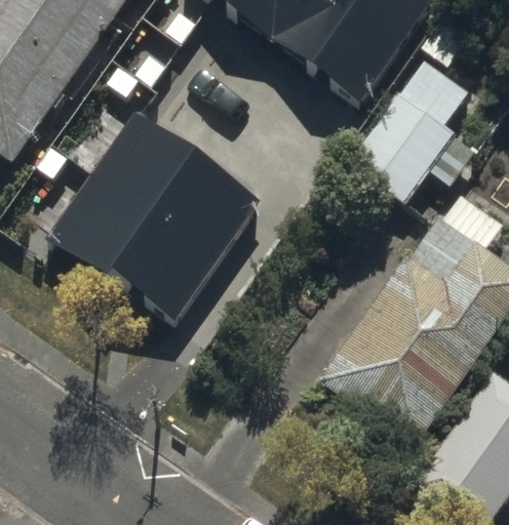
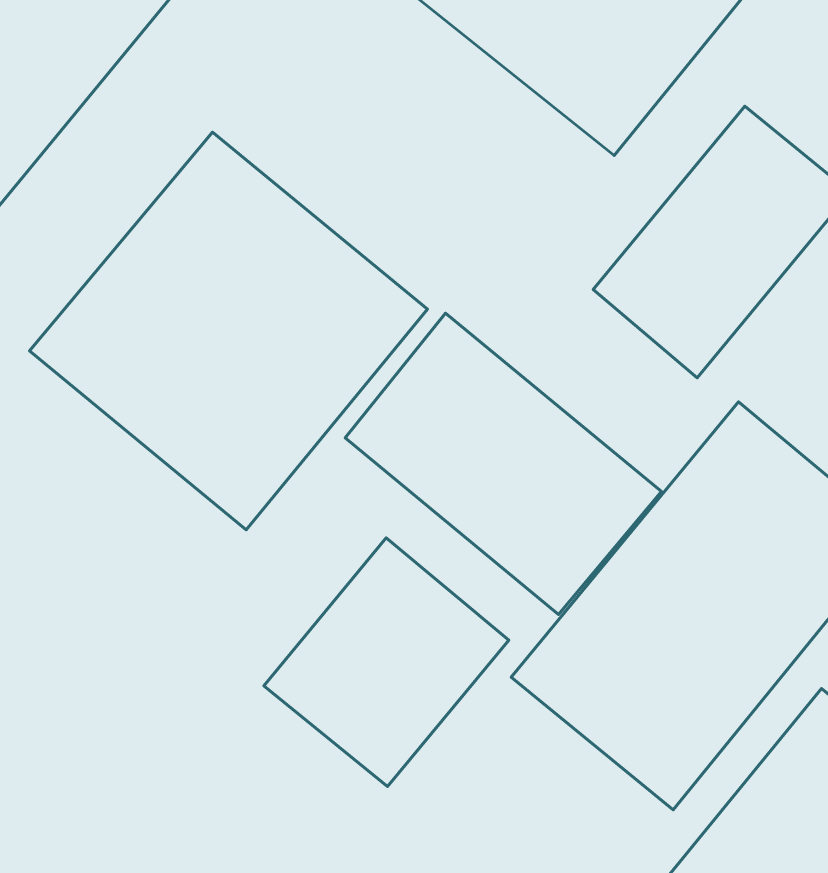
building: none -> [345,313,662,615]
building: none -> [264,538,509,786]

